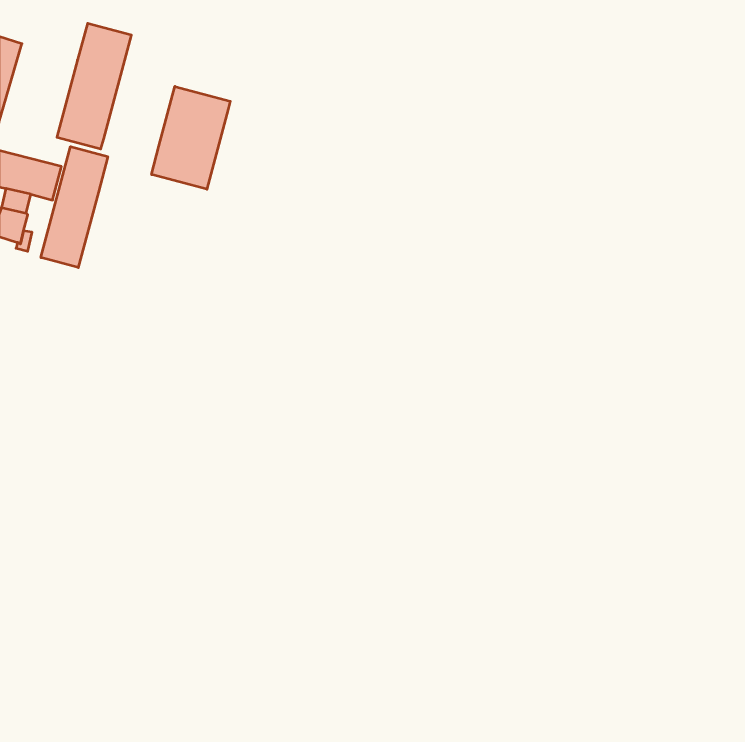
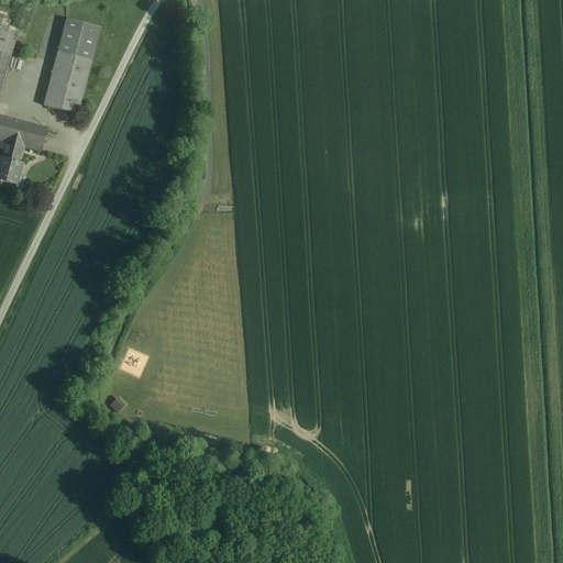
building: [152,86,230,189] -> none
building: [41,147,108,268] -> none

